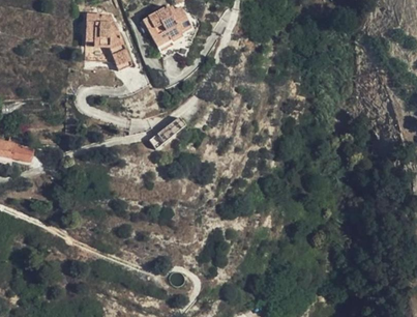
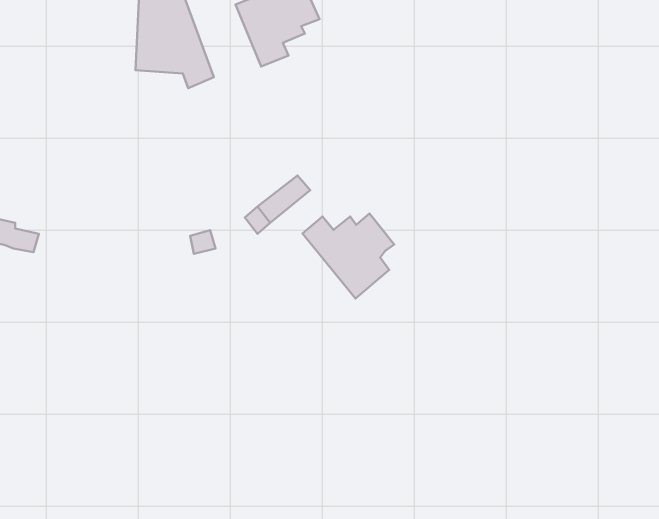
building: none -> [302,213,394,298]

